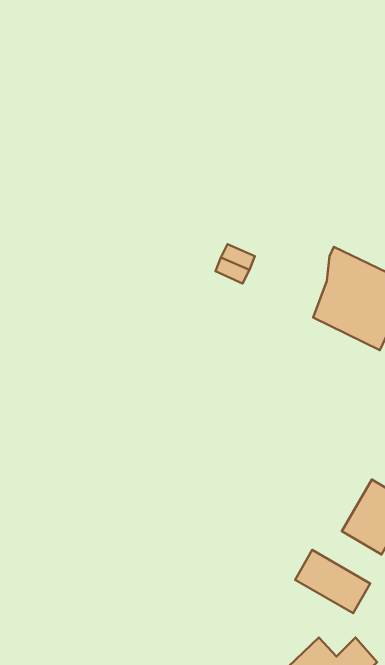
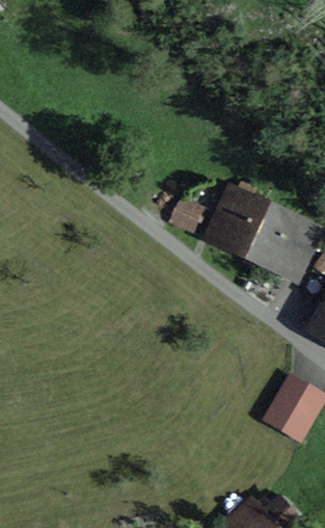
building: none -> [206,185,262,256]
building: [295,550,370,613] -> none

